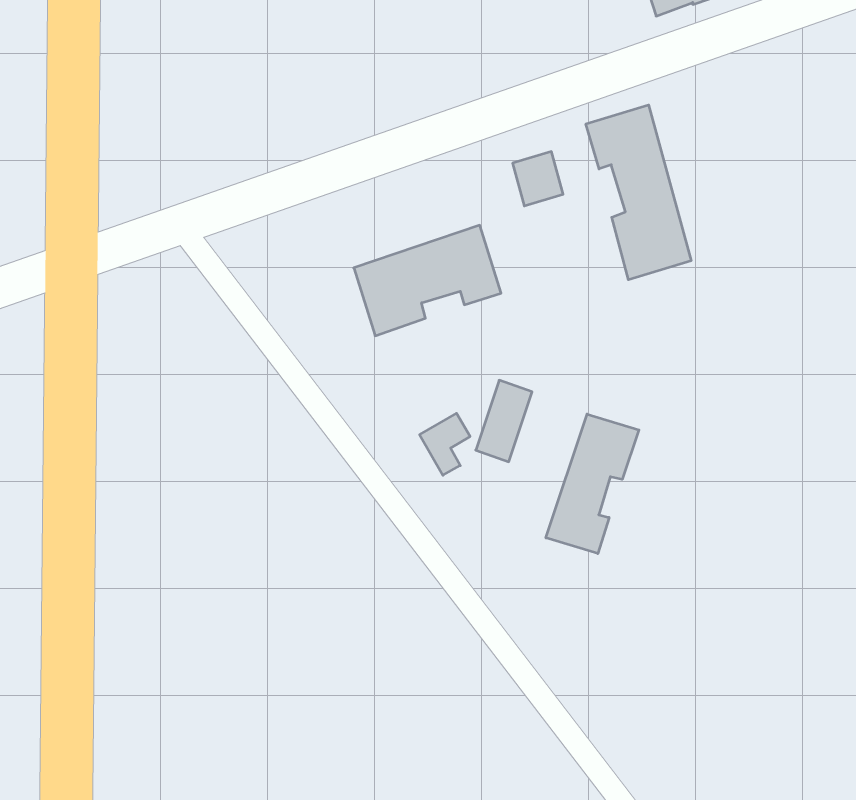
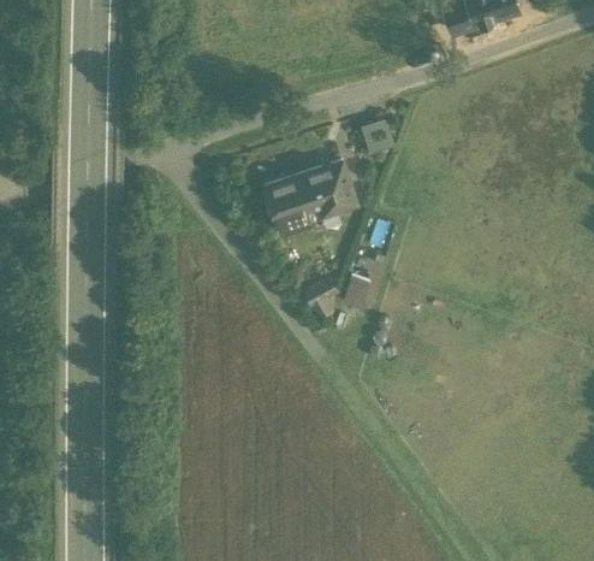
building: [586,105,691,280] -> none
building: [546,414,639,554] -> none

